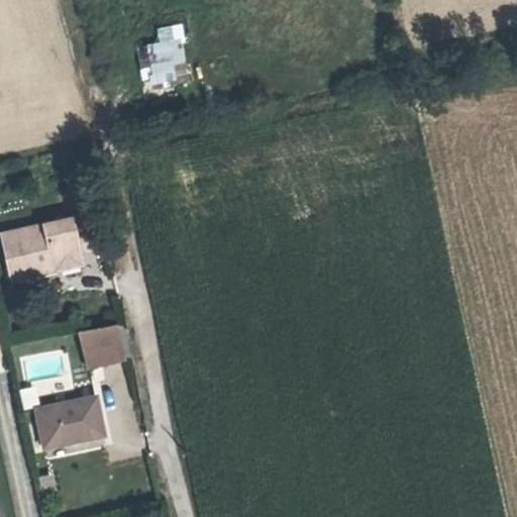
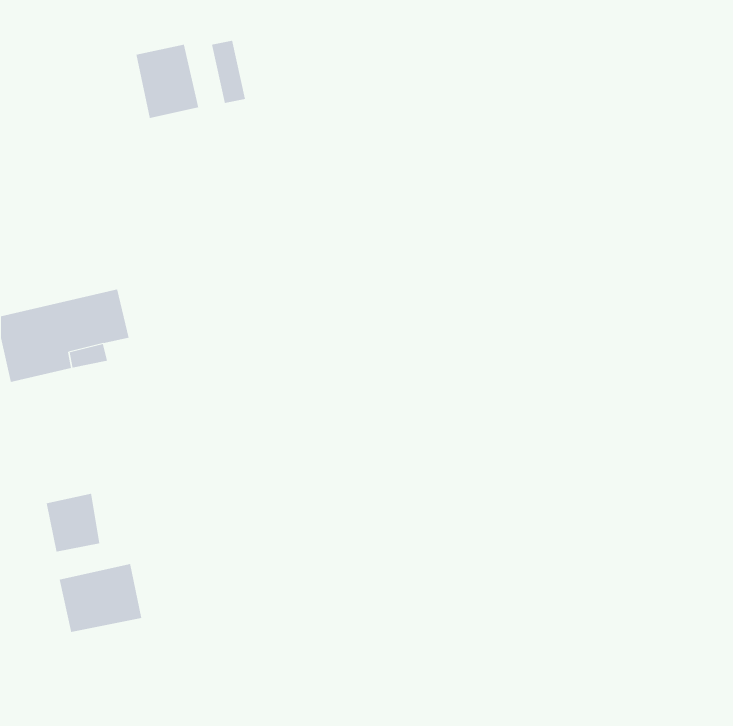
building: none -> [136,44,199,119]
building: [82,328,120,370] -> [46,493,100,552]

